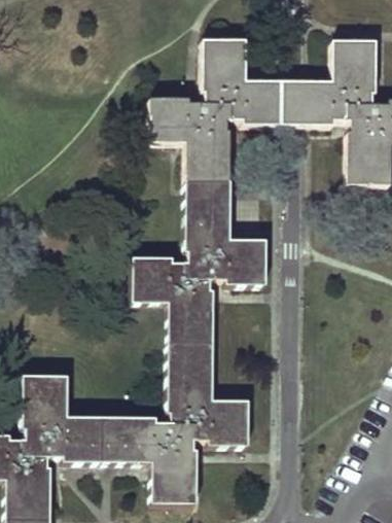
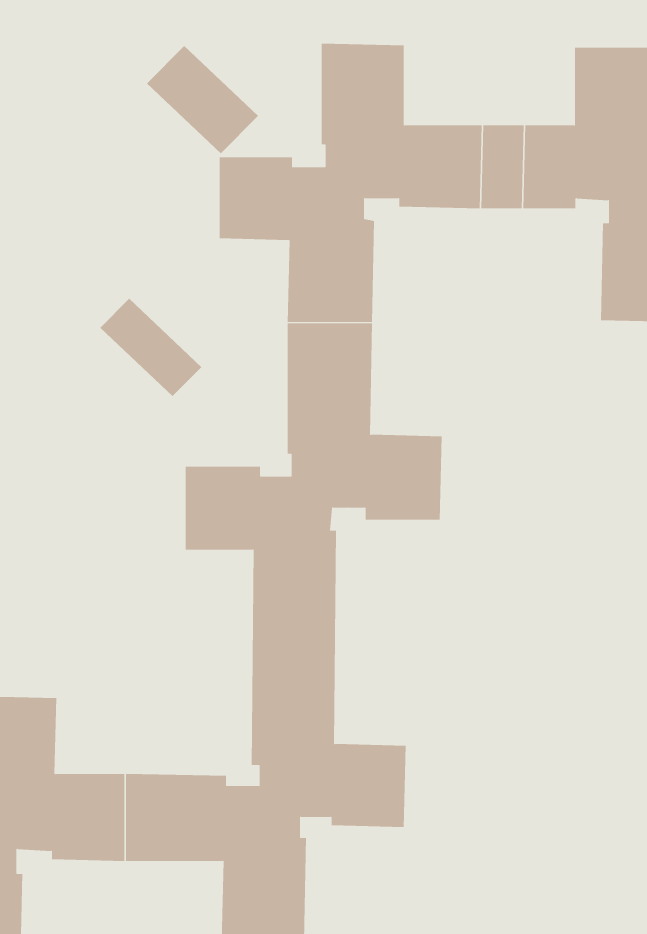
building: none -> [146,45,259,154]
building: none -> [99,298,202,397]

